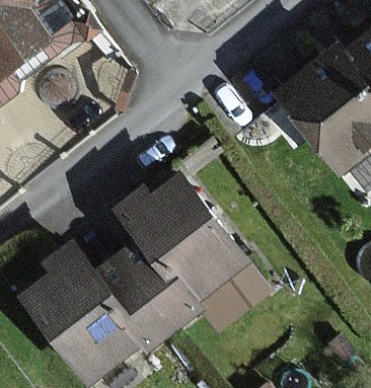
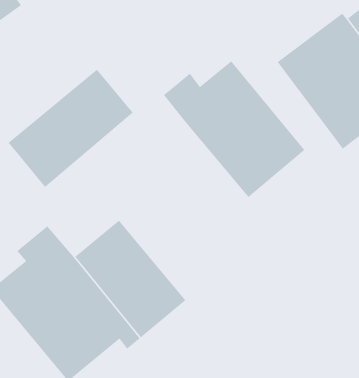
building: none -> [8,69,134,188]
building: [120,179,248,304] -> [163,60,305,198]

